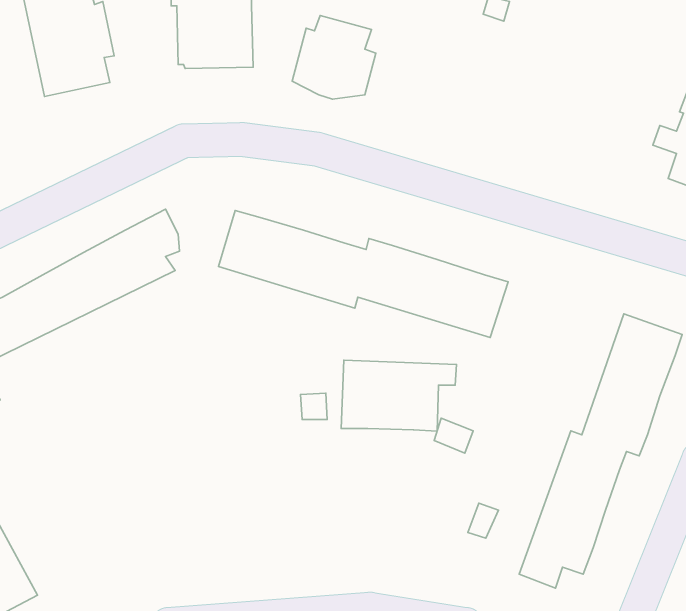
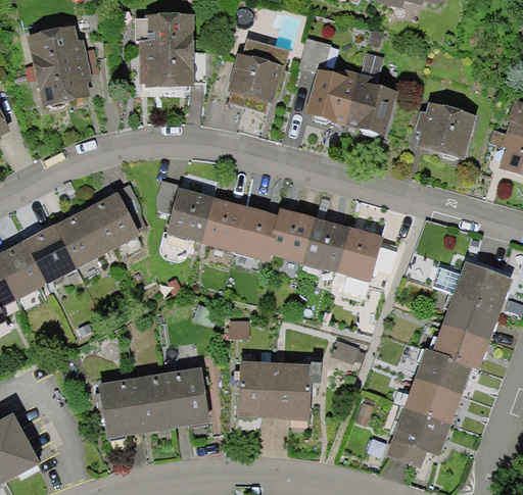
building: none -> [298,39,393,138]
building: none -> [411,103,475,162]
building: [341,360,457,431] -> [238,363,323,415]
building: none -> [99,372,208,436]

